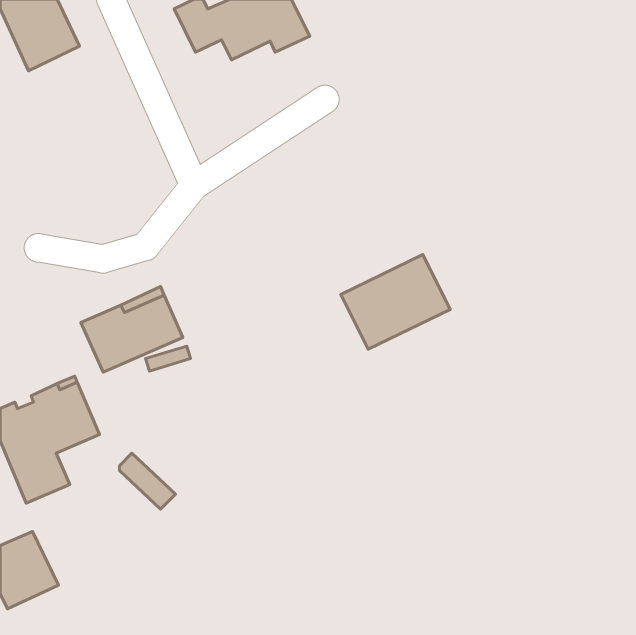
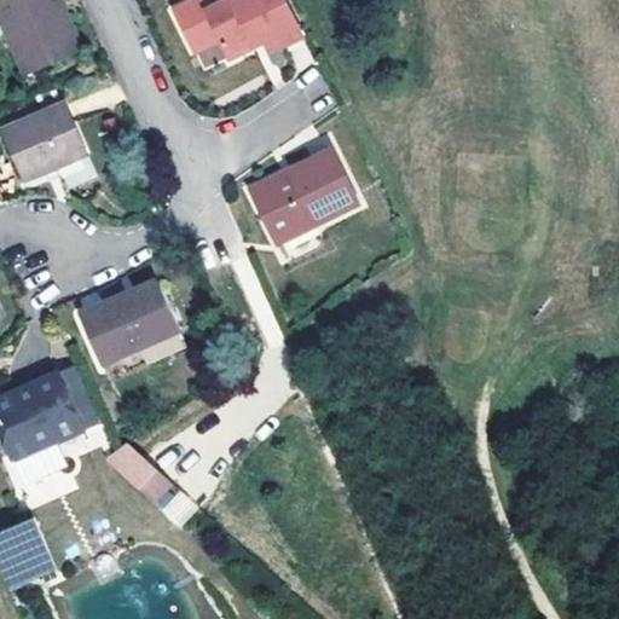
building: none -> [5,103,86,179]
building: [341,255,450,349] -> [248,150,354,242]

